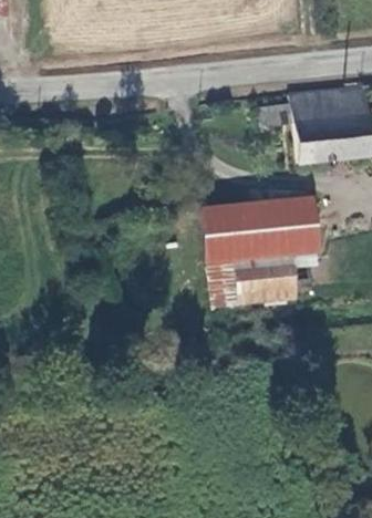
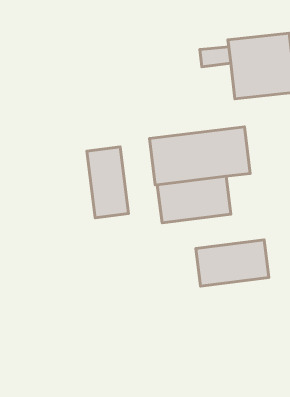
building: none -> [87,147,129,218]
building: none -> [196,240,269,286]

